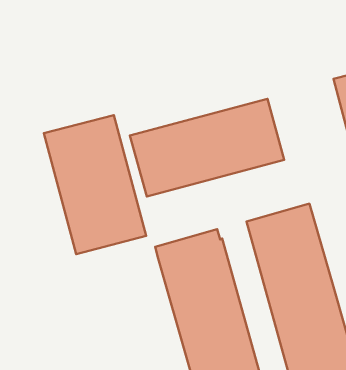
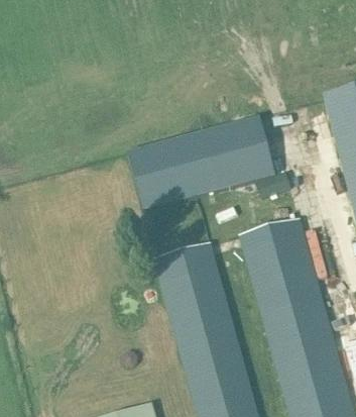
building: [44,115,146,254] -> none

